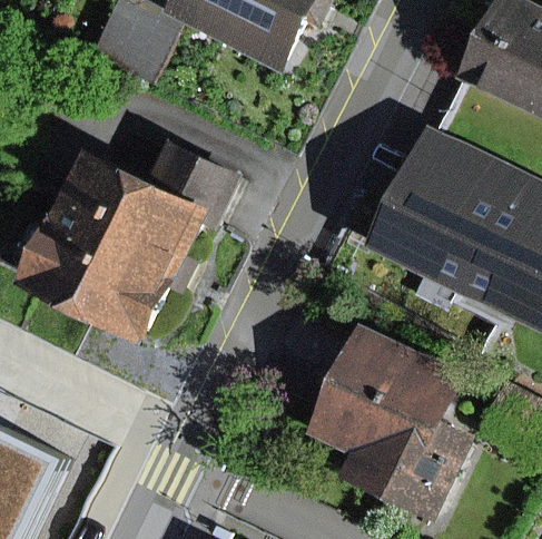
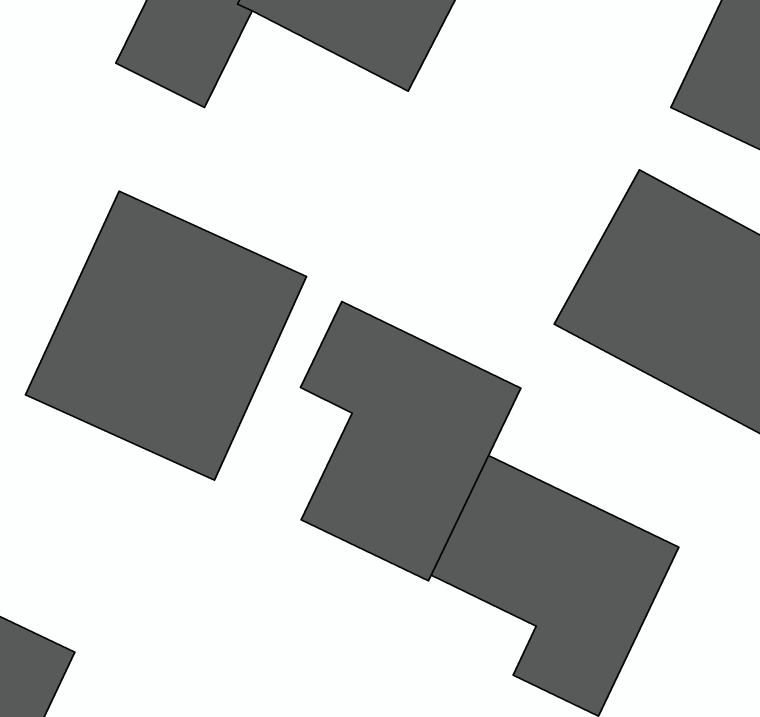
building: none -> [300,301,521,581]

